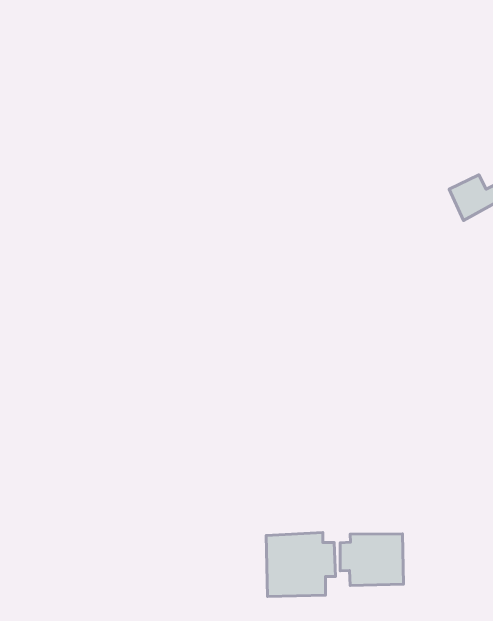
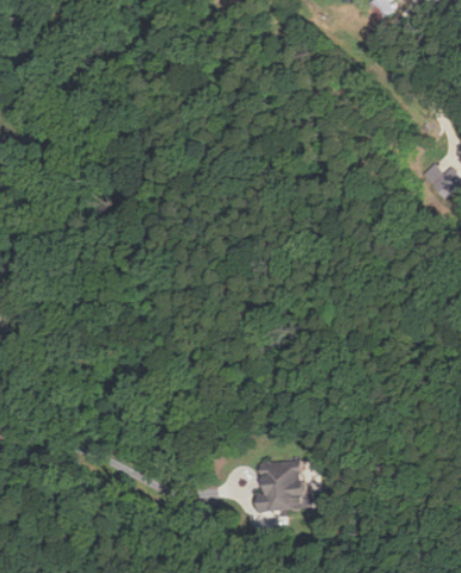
building: [340,534,404,586] -> none

